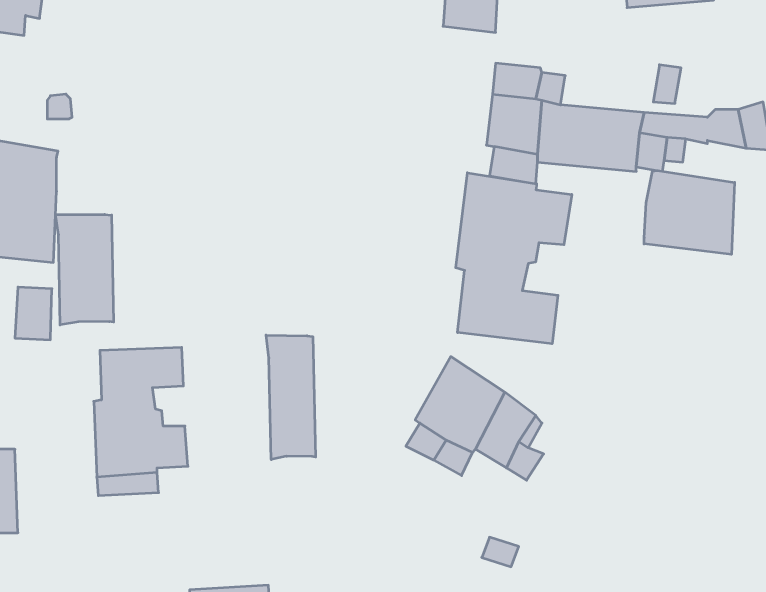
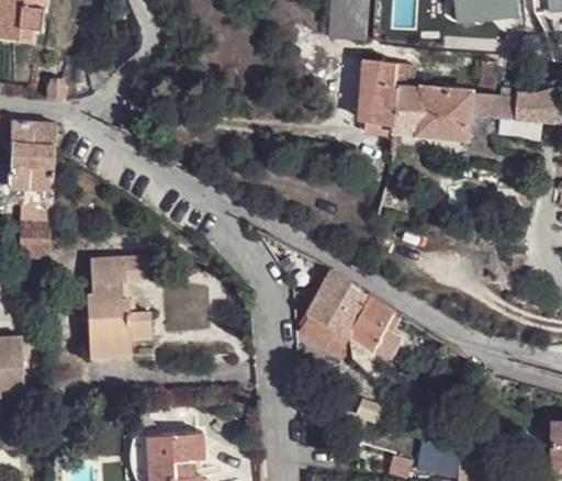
building: [644,171,735,254] -> none
building: [456,173,572,344] -> none
building: [56,214,114,325] -> none
building: [266,335,316,460] -> none

